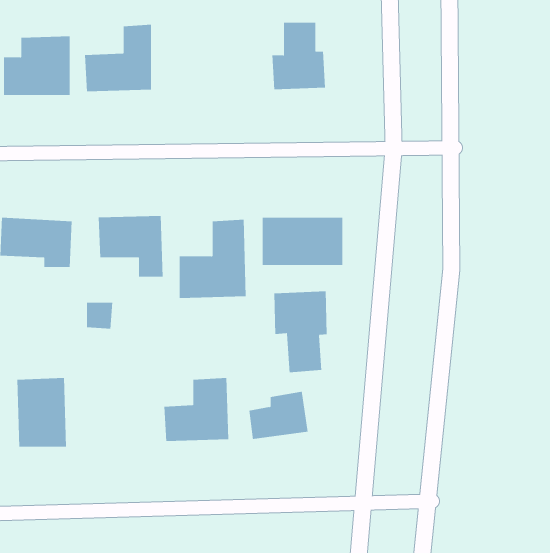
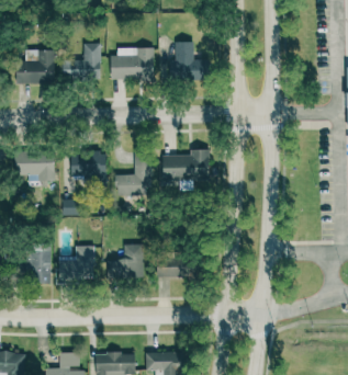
building: none -> [110,47,154,80]
building: [274,290,327,373] -> none
building: none -> [58,246,93,282]

